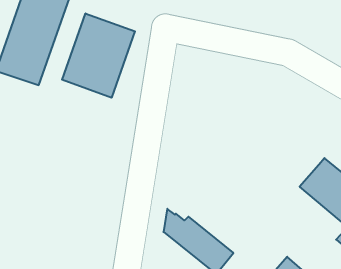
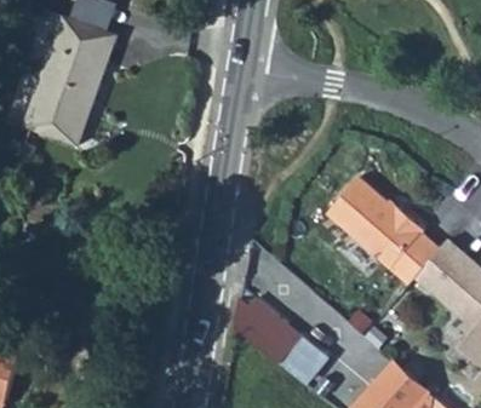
building: [62,13,135,98] -> none
building: none -> [321,174,433,282]

